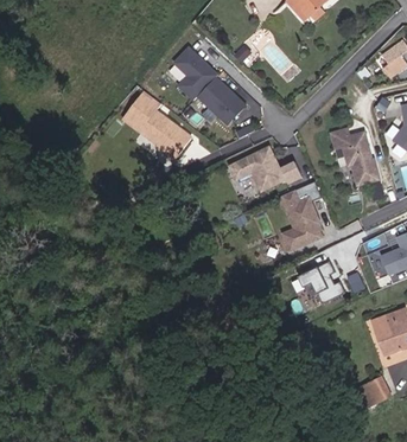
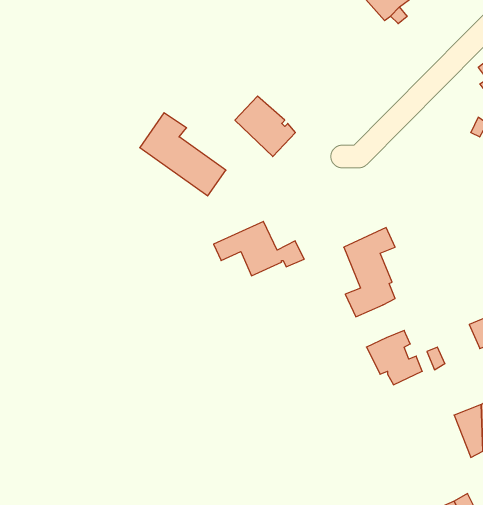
building: [172,46,215,100] -> none
building: [333,127,383,184] -> none
building: [230,146,301,188] -> [214,221,304,276]

